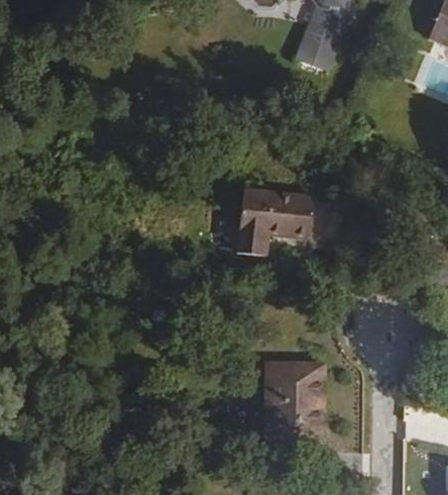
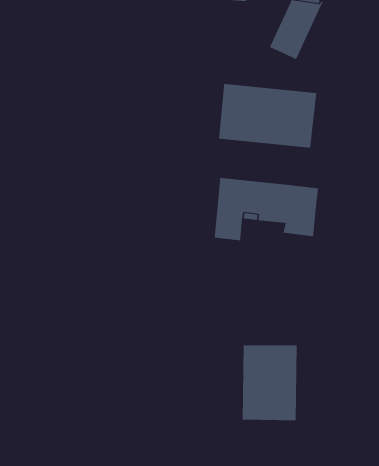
building: none -> [219,83,317,148]

